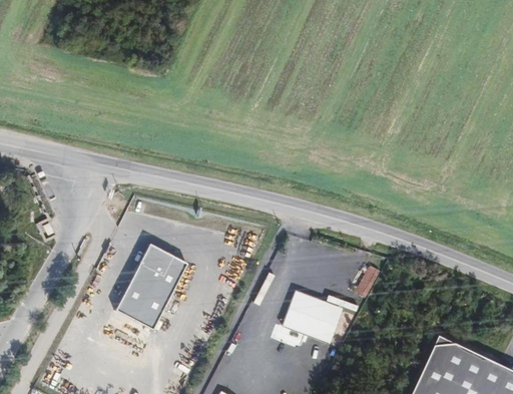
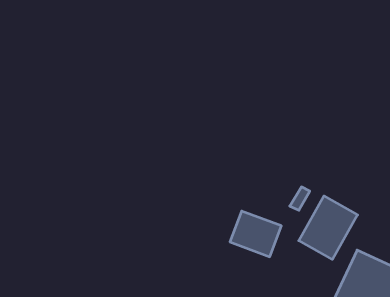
building: [112,248,184,334] -> none
building: none -> [299,196,358,259]

